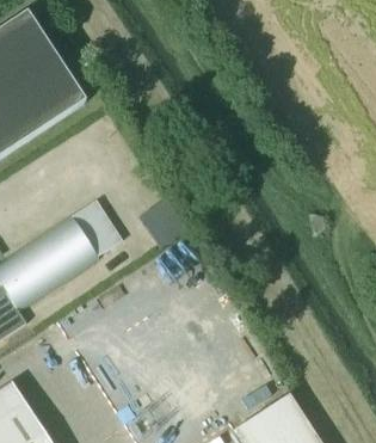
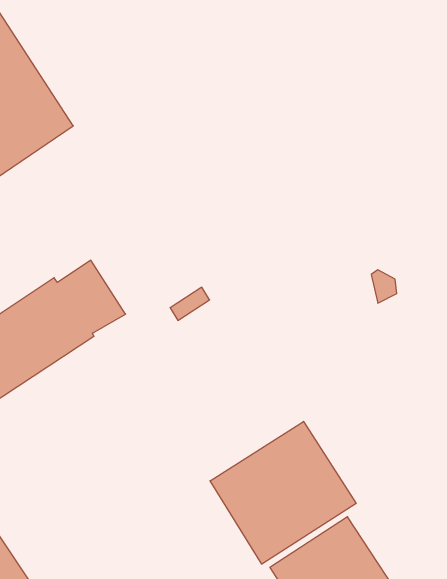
building: none -> [210,421,356,564]

